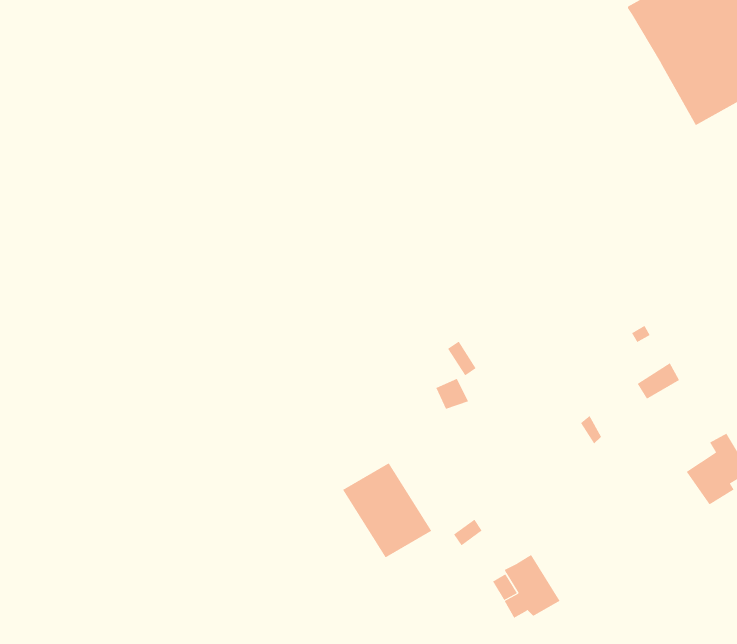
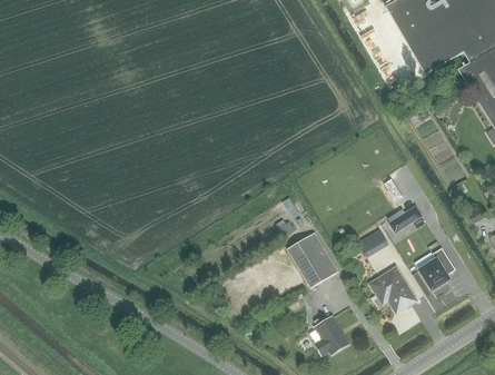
building: [342,463,432,558] -> [287,233,338,287]
building: none -> [374,268,419,312]

